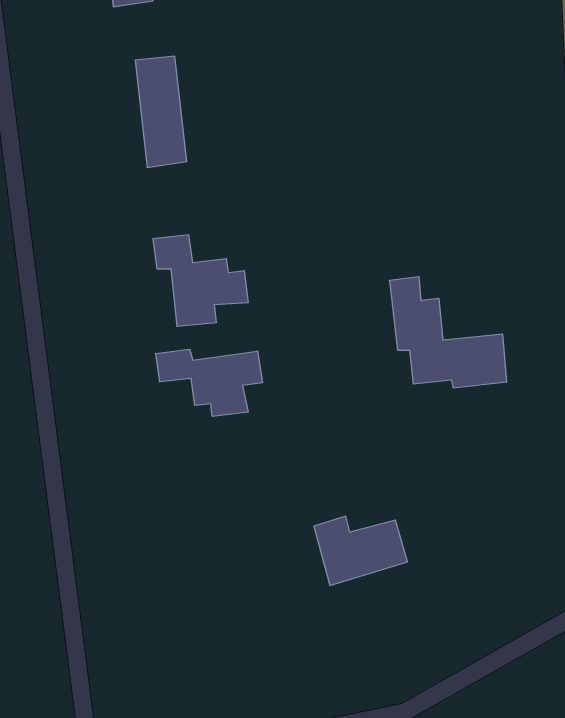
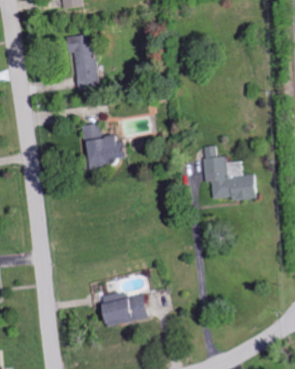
building: [156,349,262,416] -> none
building: [314,516,407,586] -> [102,292,149,327]

